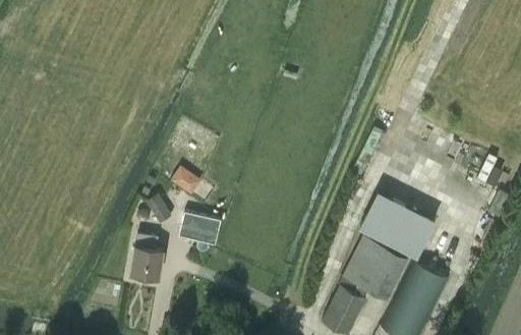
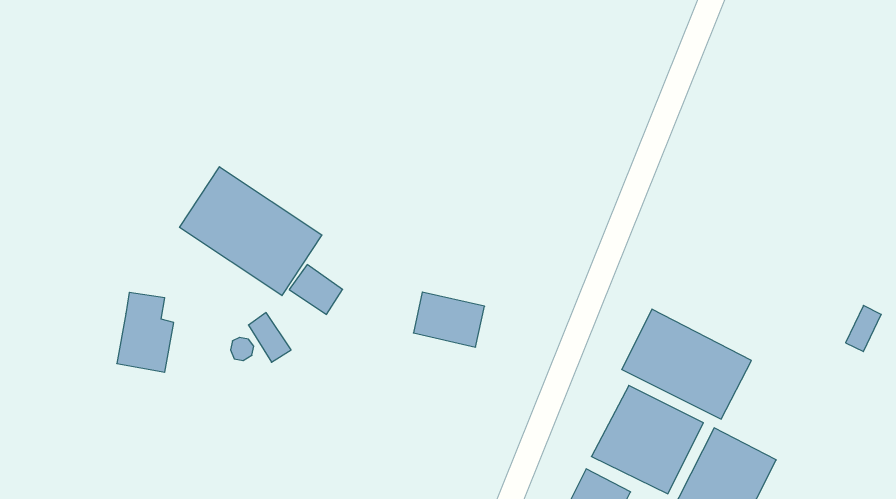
building: none -> [180,167,322,296]
building: [179,214,220,245] -> [413,292,485,347]
building: [130,234,163,280] -> [117,292,174,372]

